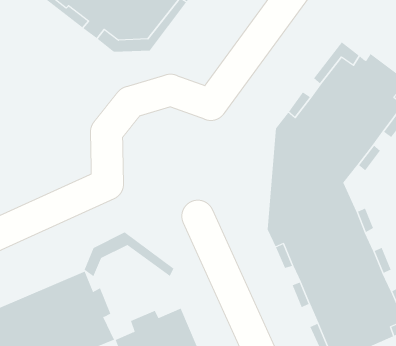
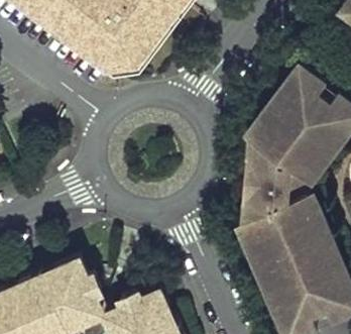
building: [84,231,174,277] -> none

